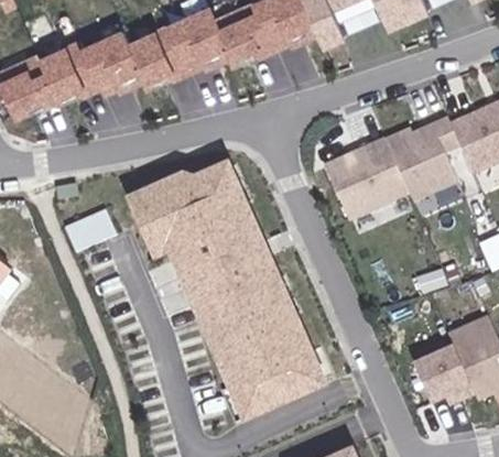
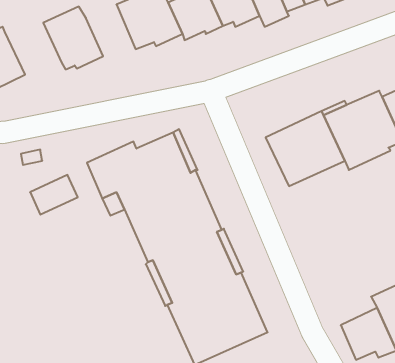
building: [130,22,184,85] -> none
building: [42,33,104,98] -> none

